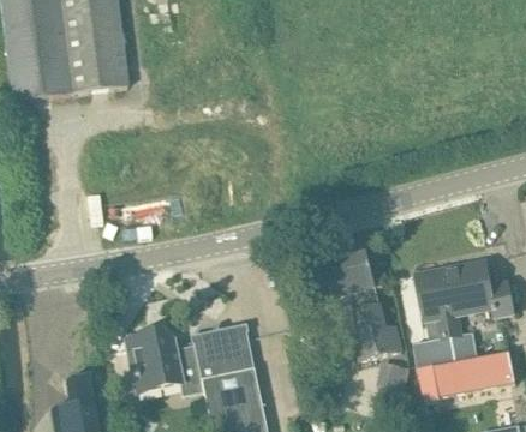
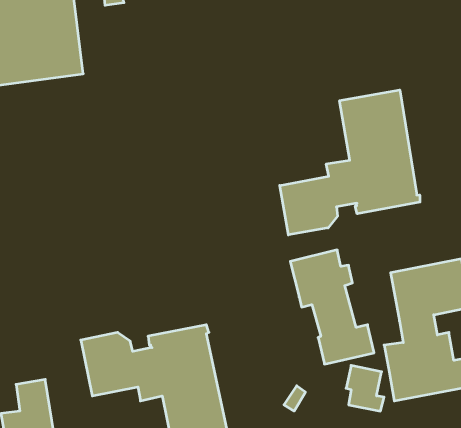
building: none -> [280,90,420,235]

